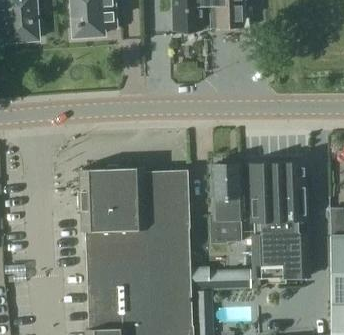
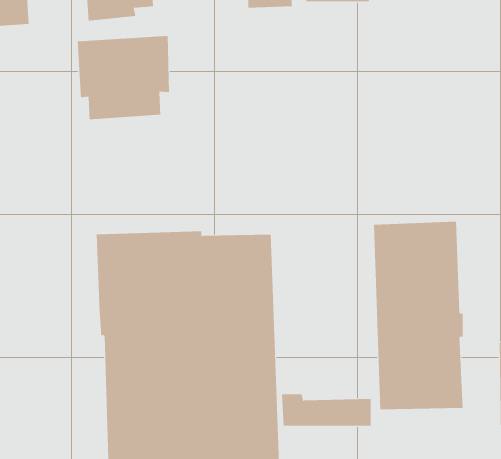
building: none -> [77,35,170,120]
building: [203,164,243,252] -> none

